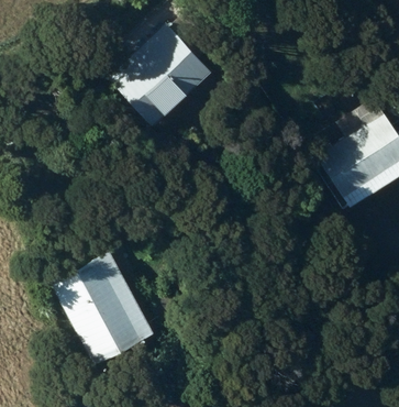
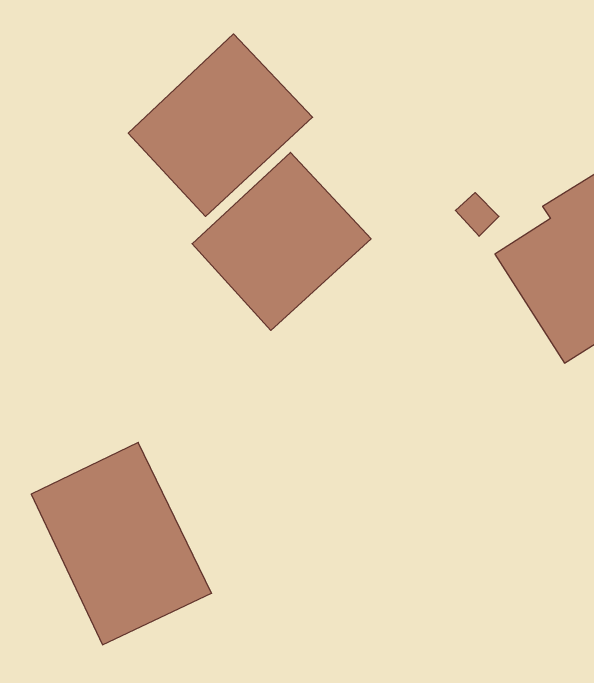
building: none -> [192,152,371,330]

